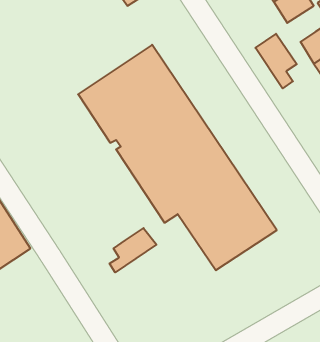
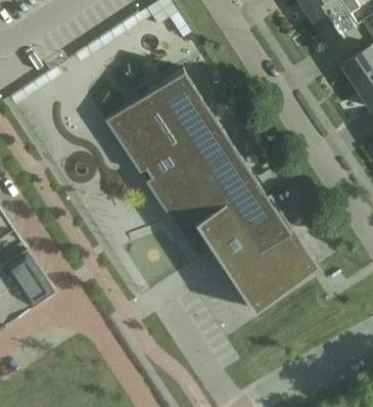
building: [255,34,297,88] -> none
building: [110,228,156,272] -> none

